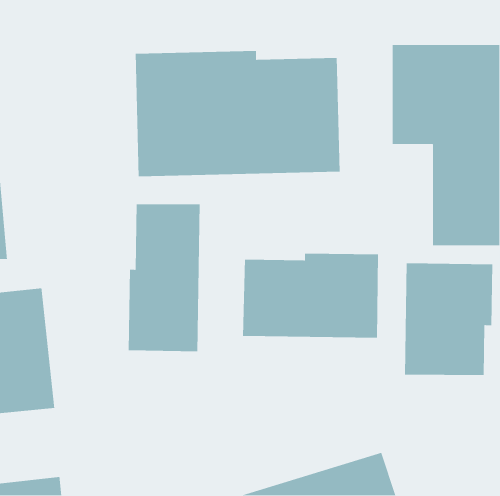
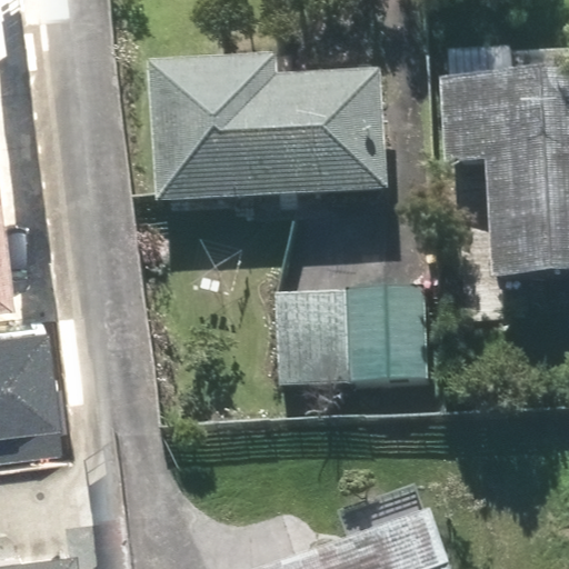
building: [128,204,200,352] -> none
building: [404,263,493,376] -> none

